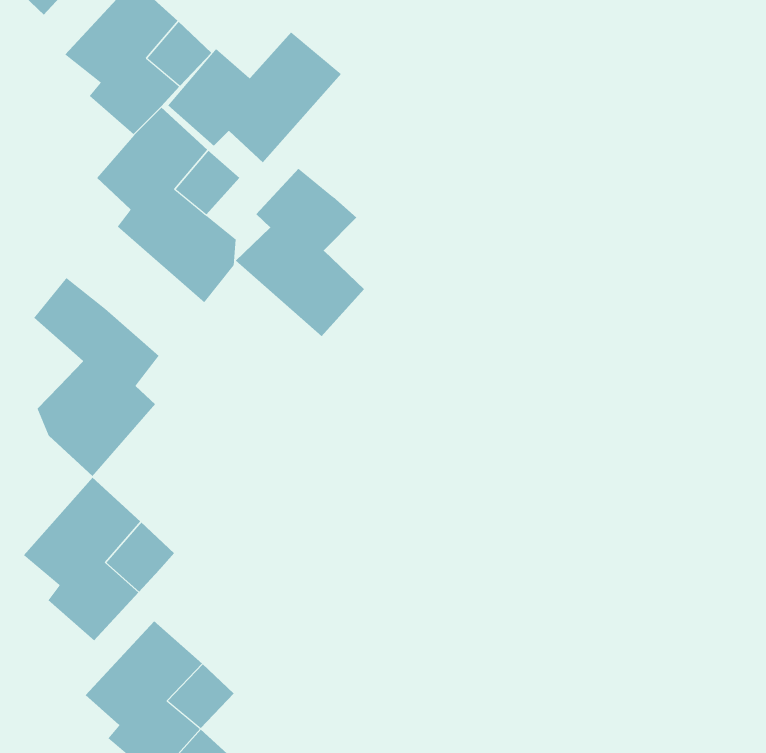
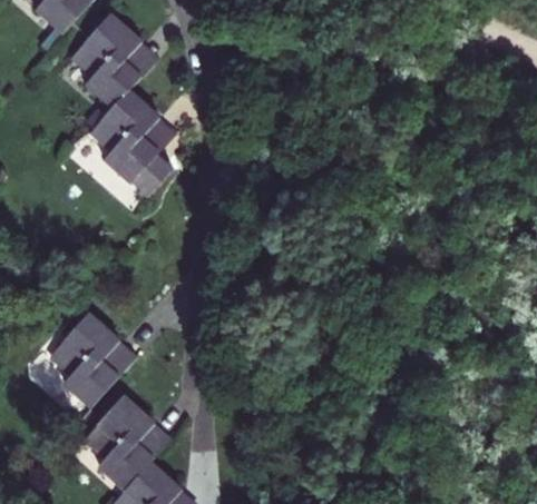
building: [167,32,342,163] -> none
building: [235,168,365,337] -> none
building: [33,277,160,477] -> none

